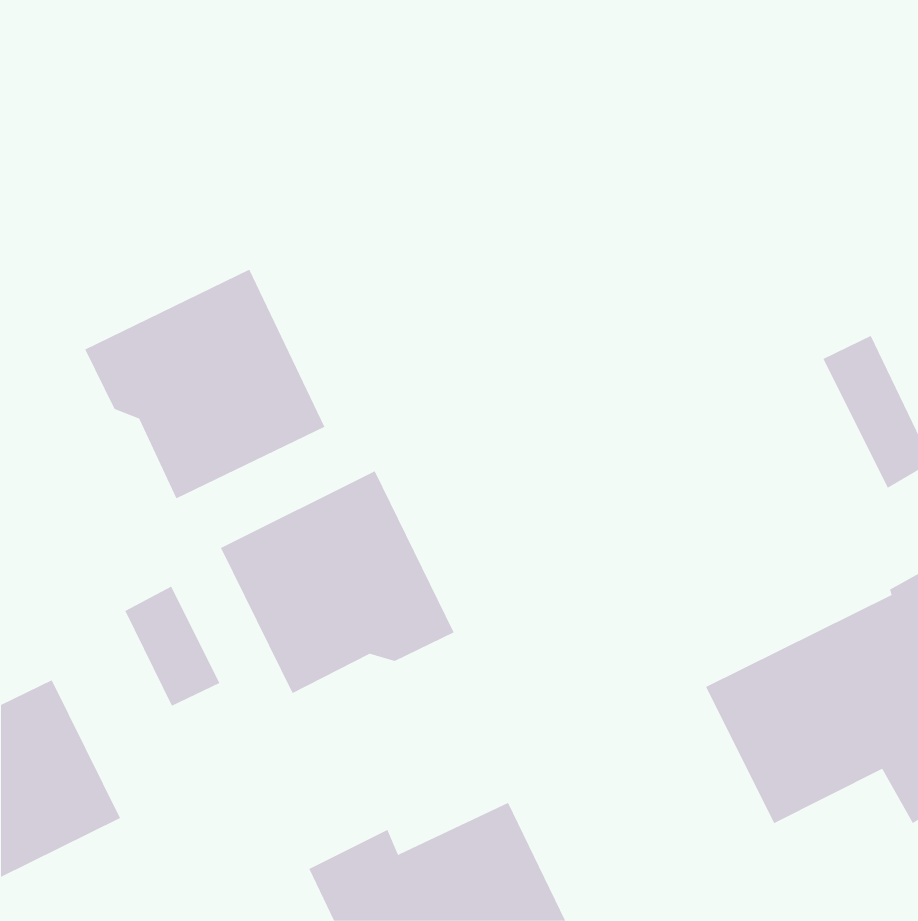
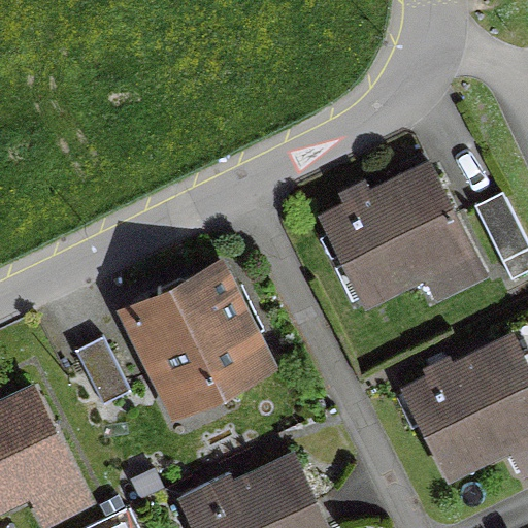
building: [85,269,325,499] -> none
building: none -> [321,166,483,299]

